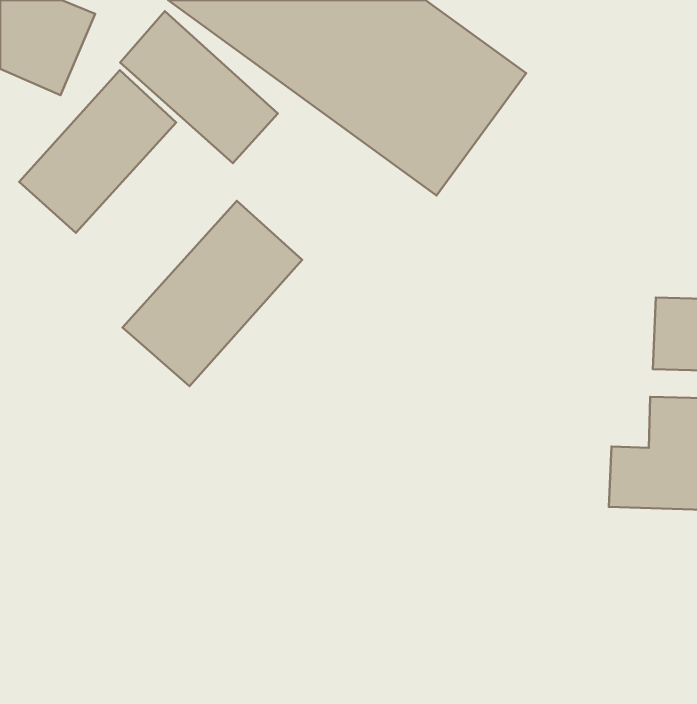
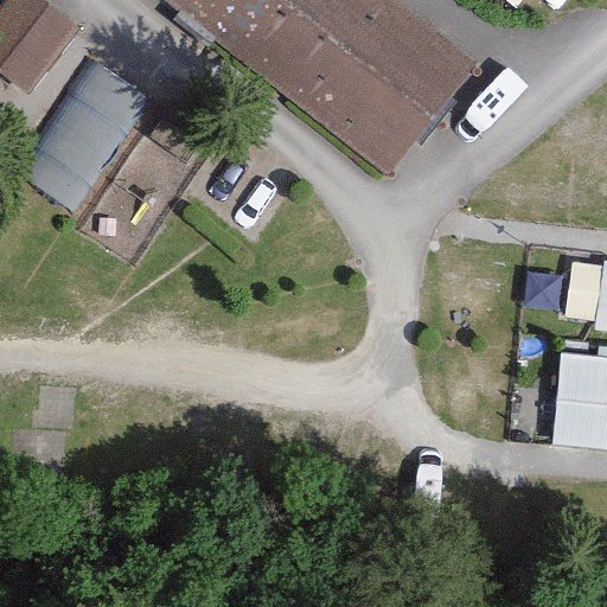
building: [120,11,278,163] -> none
building: [123,201,302,386] -> none

